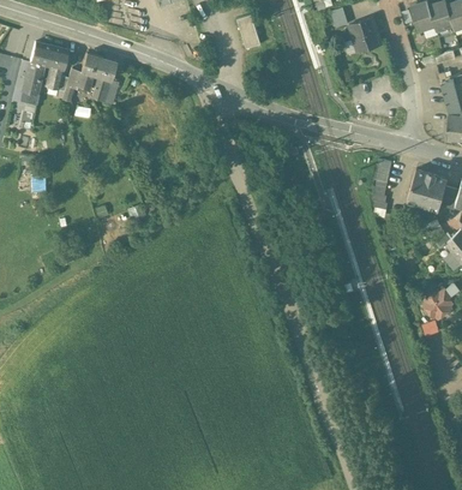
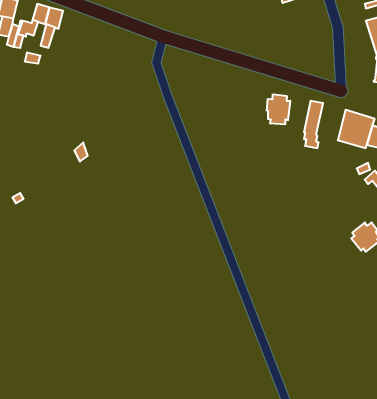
building: none -> [267,94,290,124]

